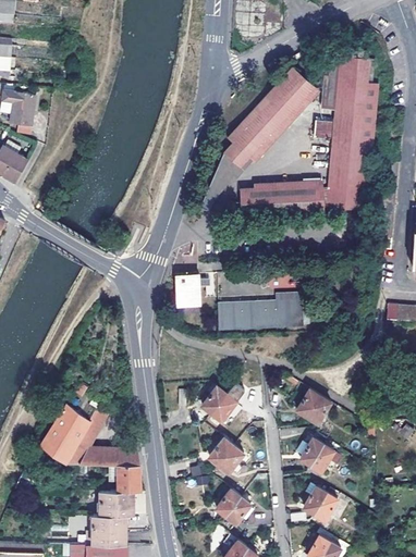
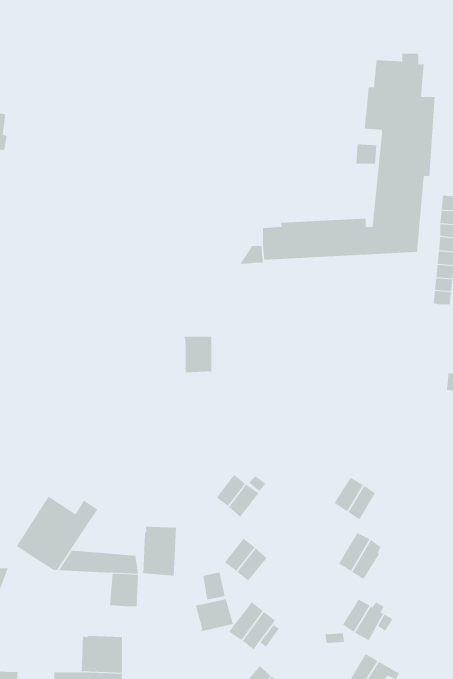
building: [200,65,320,210] -> none
building: [217,293,307,330] -> none
building: none -> [143,526,177,577]
building: none -> [195,599,233,632]
building: [99,492,132,517] -> none

